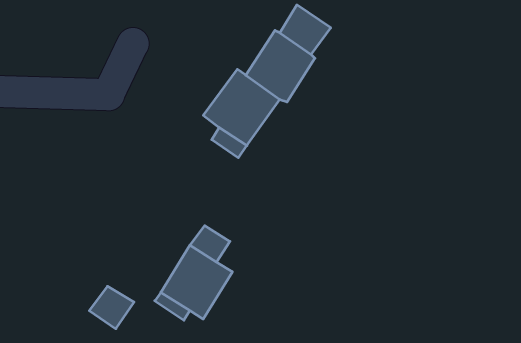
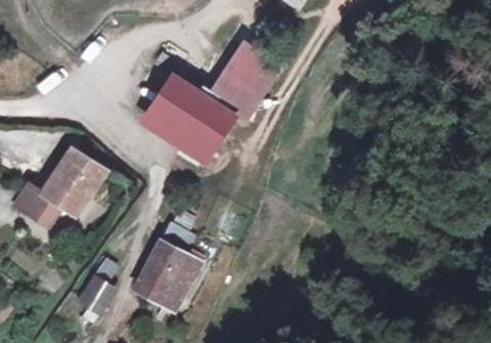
building: none -> [144,73,202,131]
building: none -> [14,148,102,222]

